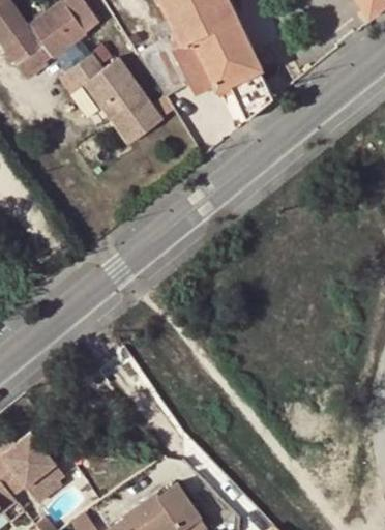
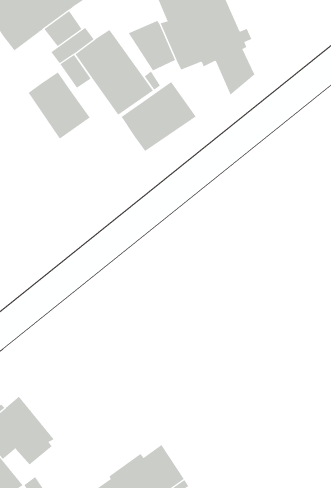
building: none -> [28,72,90,140]
building: none -> [121,81,196,152]

